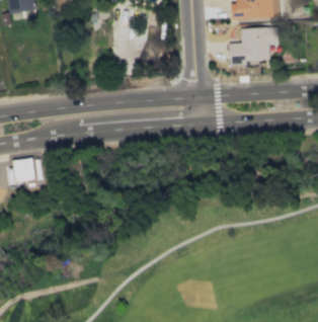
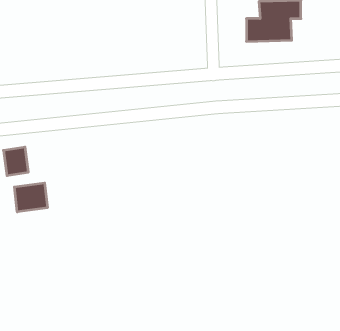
building: none -> [14,183,47,212]

